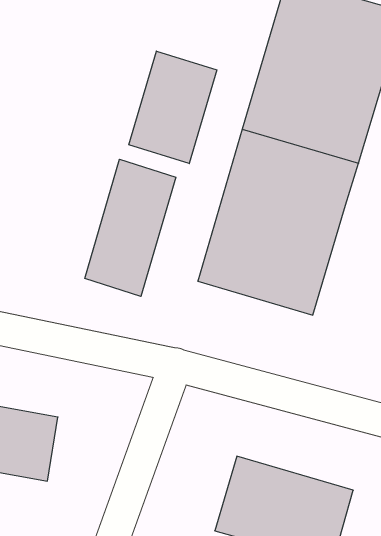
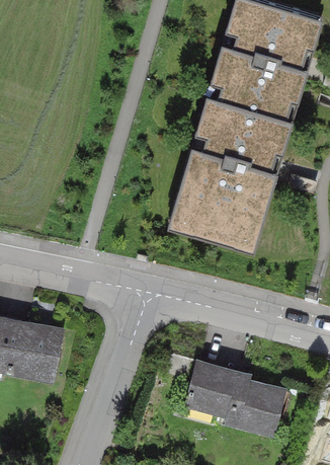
building: [129,51,217,164] -> none
building: [85,159,176,296] -> none

